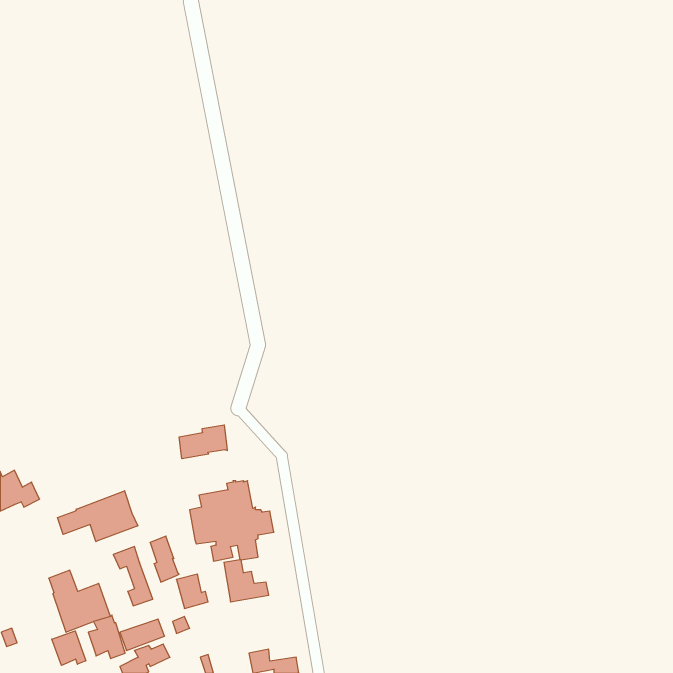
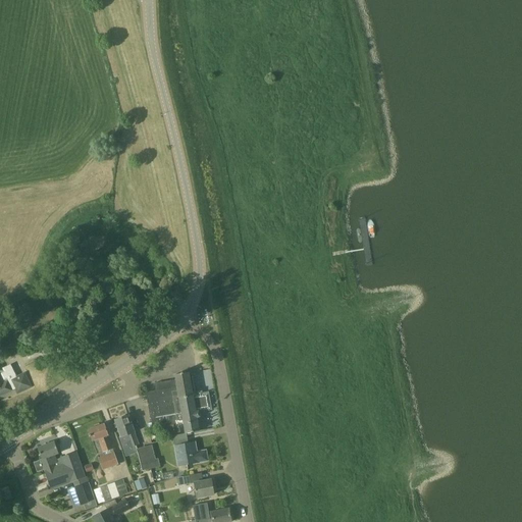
building: [179,425,227,459] -> none
building: [57,491,138,542] -> none
building: none -> [177,473,214,498]
building: [52,631,86,665] -> none

